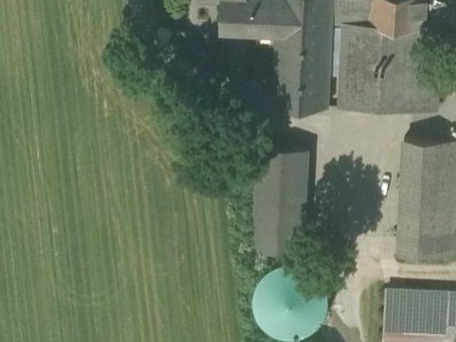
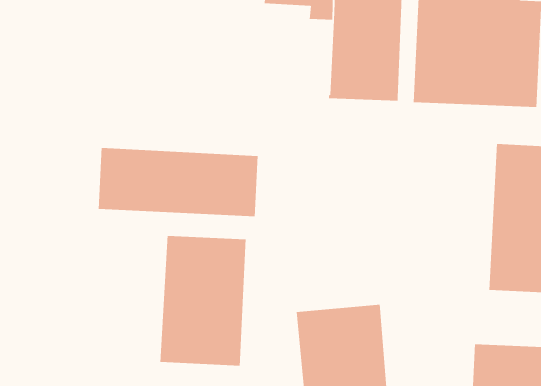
building: none -> [98,147,258,217]
building: [255,149,308,254] -> none
building: none -> [160,235,246,366]

